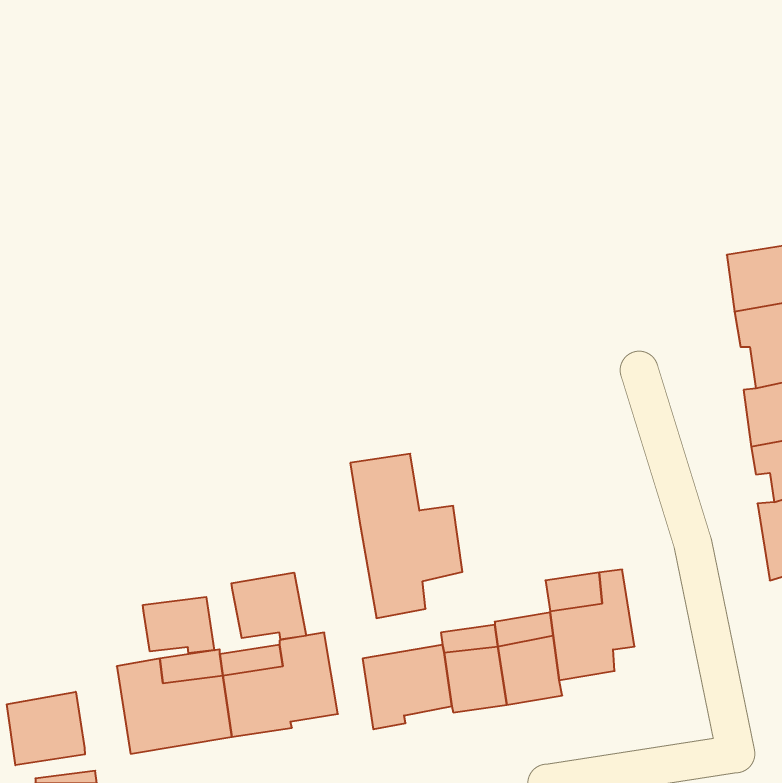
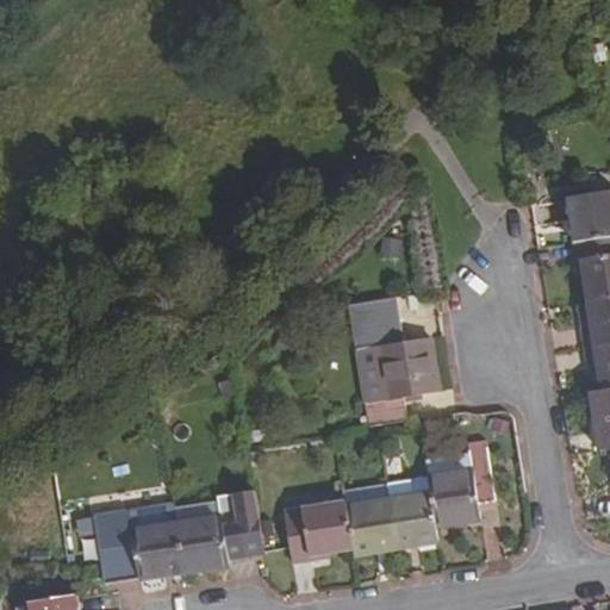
building: [350,454,462,618] -> [348,300,435,428]
building: [231,573,306,639] -> none
building: [143,597,214,653] -> none
building: [7,692,85,765] -> none

